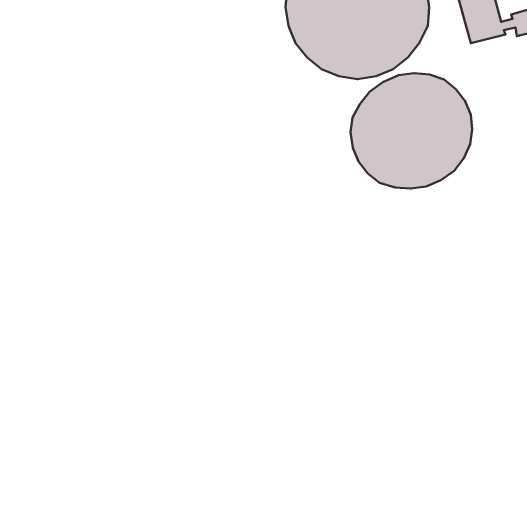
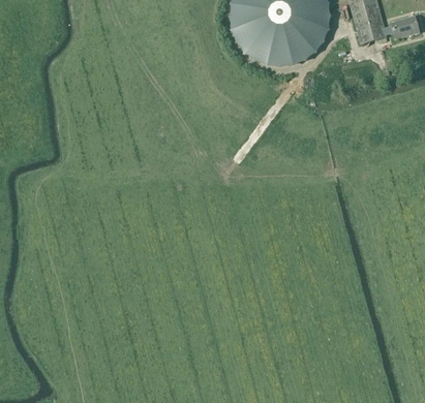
building: [351,73,472,189] -> none

